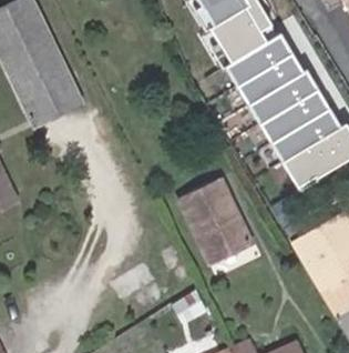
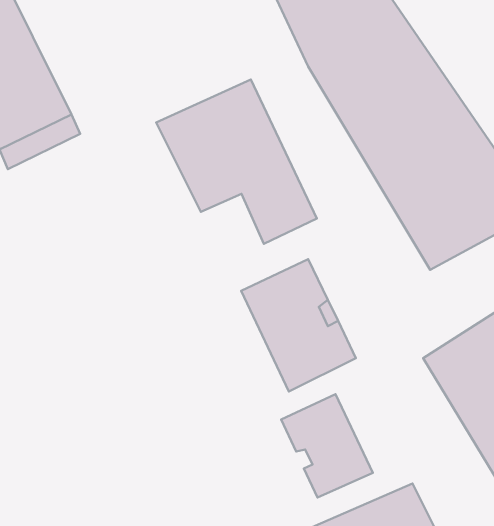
building: none -> [156,79,317,244]
building: none -> [281,394,373,498]

